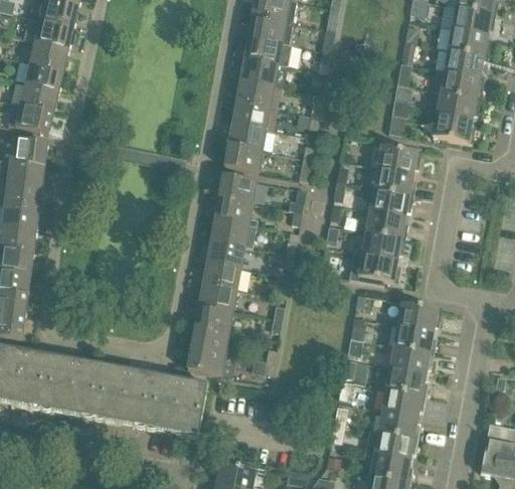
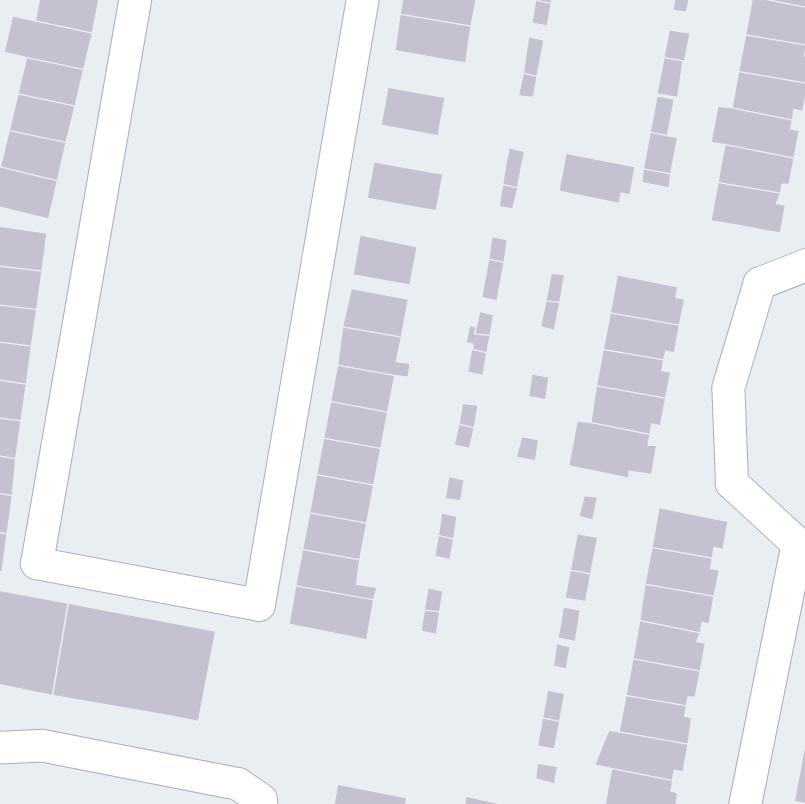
building: [244,35,290,64] -> none
building: [236,78,281,107] -> none
building: [228,121,266,149] -> none
building: [377,143,421,172] -> [559,153,635,203]
building: [135,371,207,433] -> none

